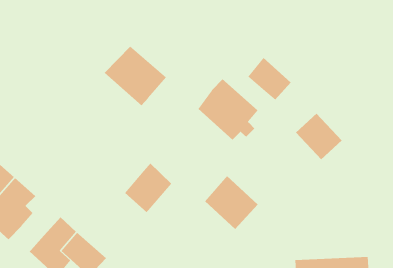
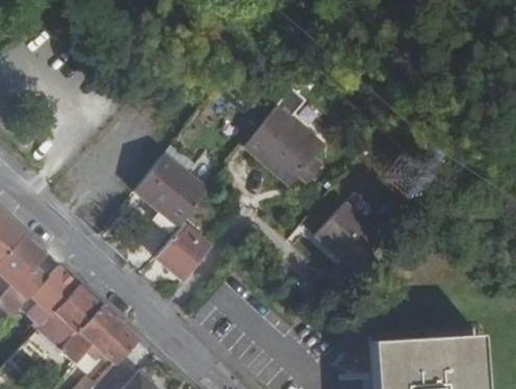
building: [104,46,167,106] -> [135,150,215,227]
building: [247,57,291,101] -> none
building: [204,175,259,230] -> [311,203,381,273]
building: none -> [27,266,78,328]

